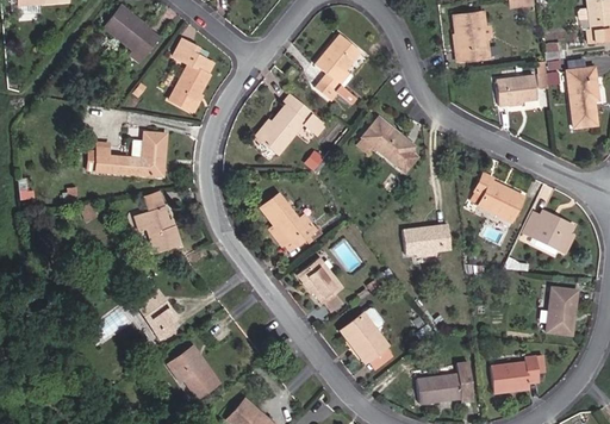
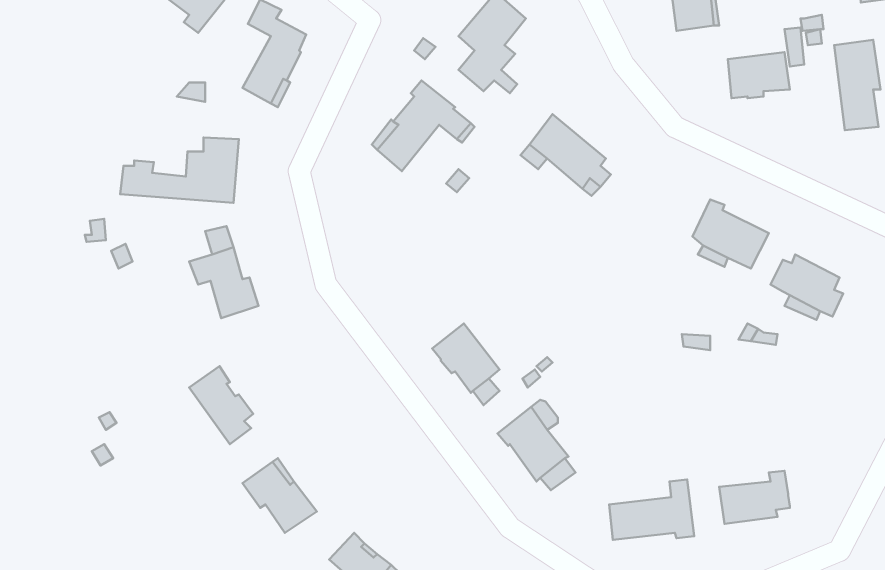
building: [261,193,316,250] -> none
building: [403,225,450,255] -> none
building: [546,287,578,335] -> none

